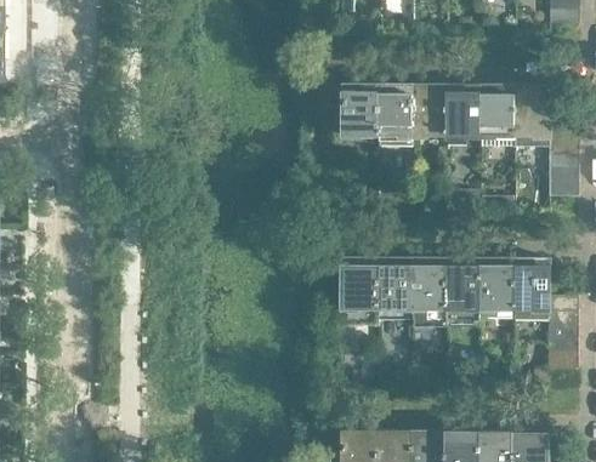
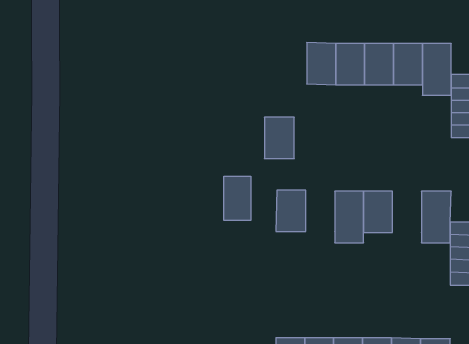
building: [341,87,376,136] -> [264,117,294,159]
building: none -> [224,176,251,220]
building: [375,261,409,309] -> none
building: [477,262,511,310] -> none

